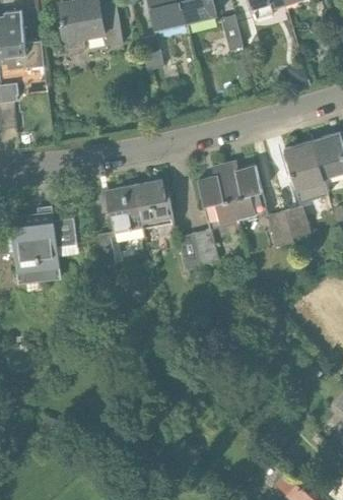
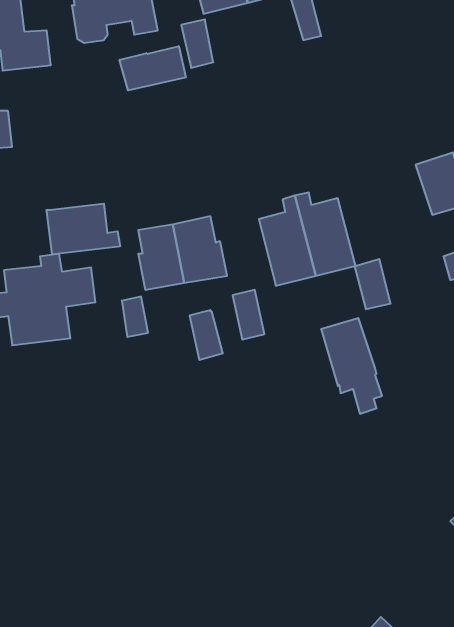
building: none -> [120,46,186,90]
building: [284,141,329,211] -> [321,318,382,414]
building: none -> [46,204,120,255]
building: [285,206,311,243] -> none
building: [194,229,218,265] -> [190,310,223,360]

